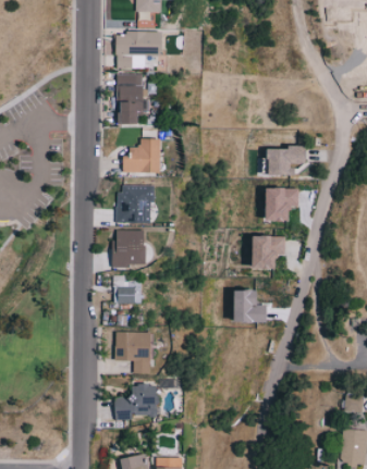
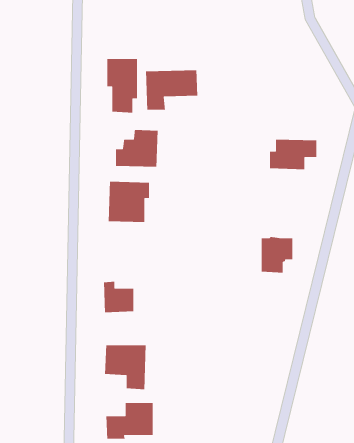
building: [115,32,163,69] -> [145,70,198,110]
building: [268,187,298,221] -> none
building: [112,231,145,266] -> none
building: [236,289,267,322] -> none

